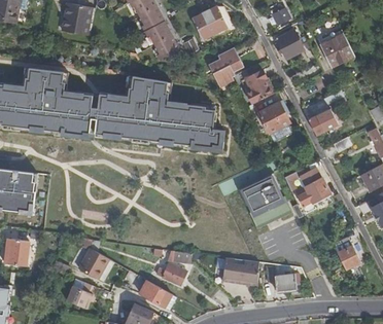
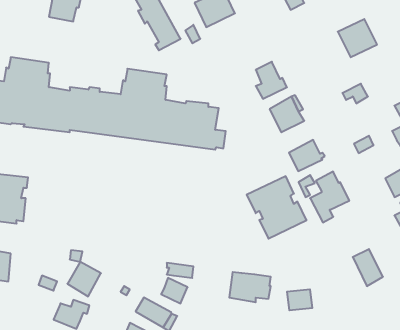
building: [276,29,304,58] -> none
building: [208,46,243,83] -> none
building: [308,107,340,135] -> [289,140,325,171]

